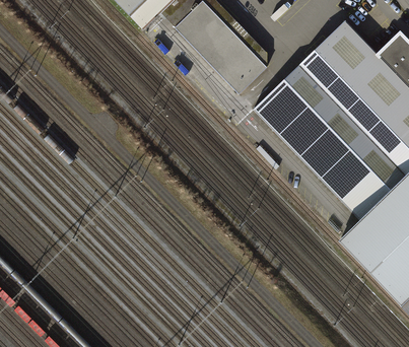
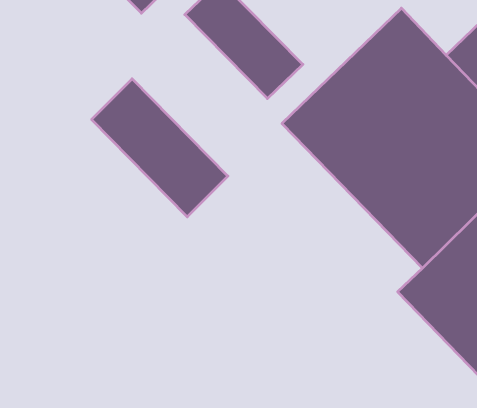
building: none -> [92,79,228,217]

